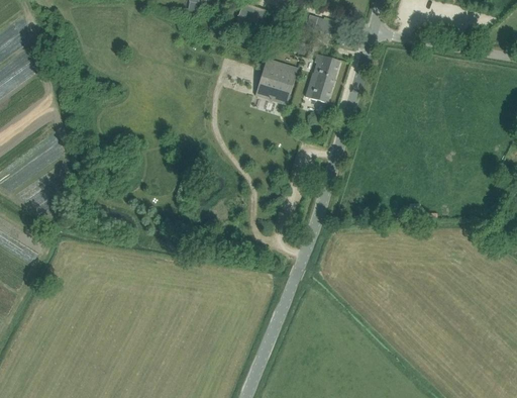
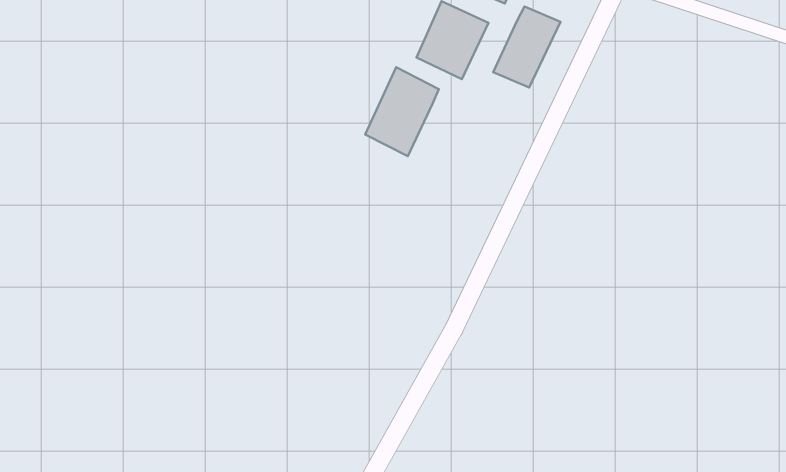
building: none -> [365,67,439,156]

